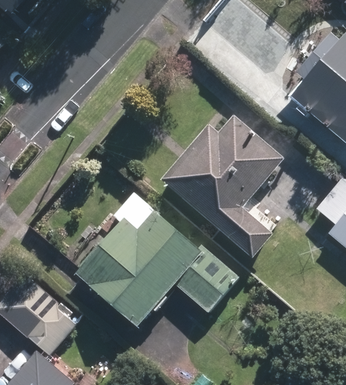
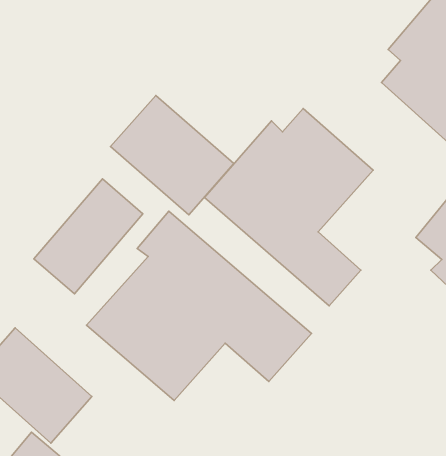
building: none -> [111,95,234,215]
building: none -> [34,179,143,294]

